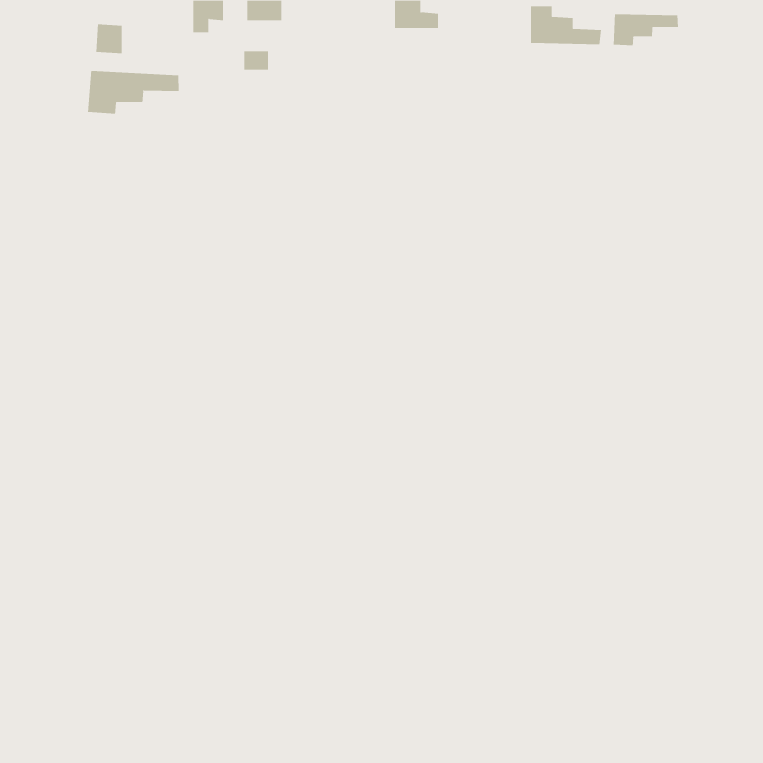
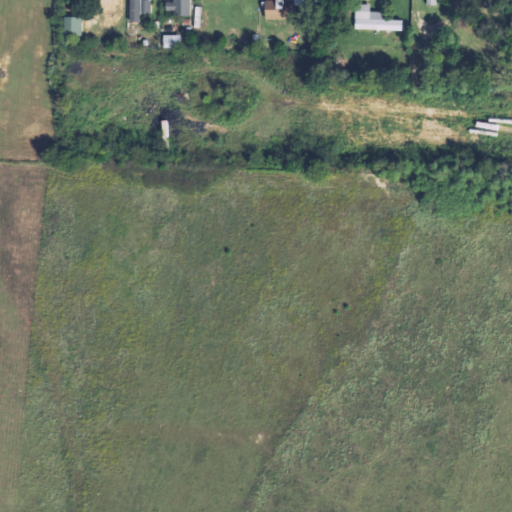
building: [613,13,679,46] -> none
building: [88,70,179,115] -> none

